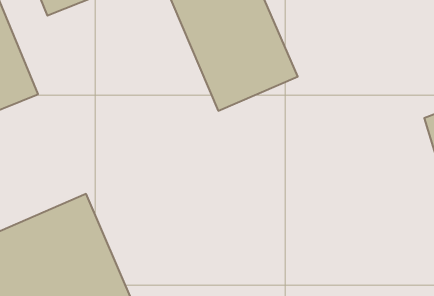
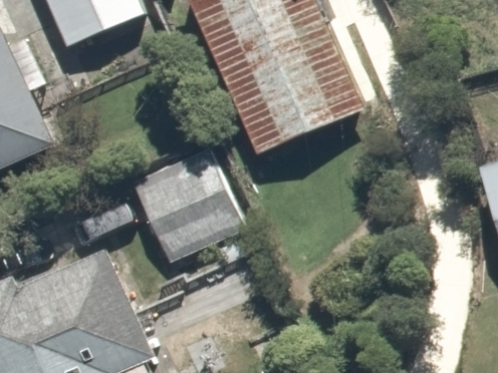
building: none -> [126,139,242,257]

